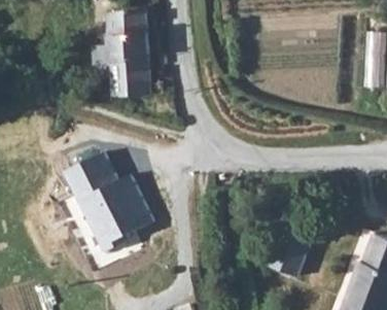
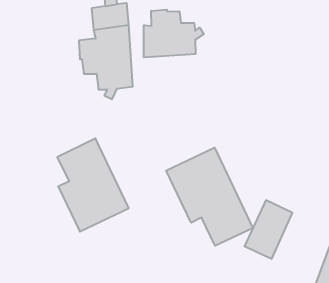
building: none -> [144,10,204,57]
building: none -> [166,148,253,246]

